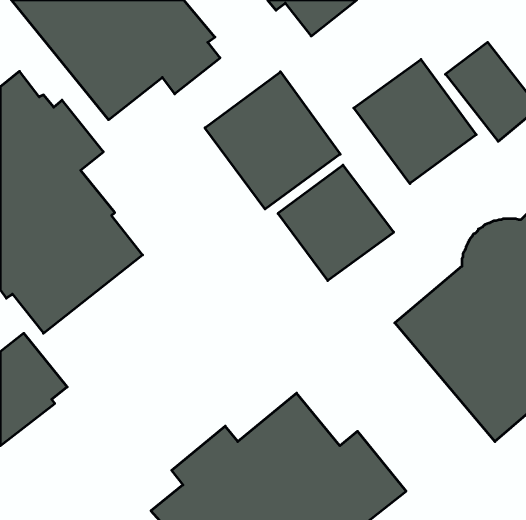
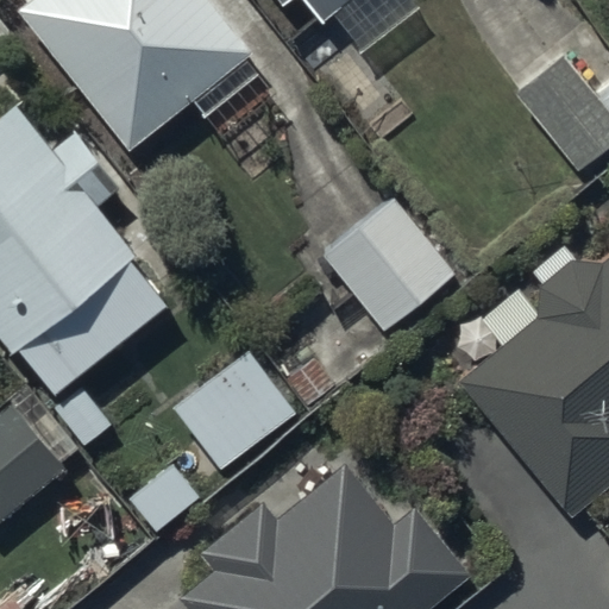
building: [354,59,476,184] -> none
building: [205,72,340,209] -> none
building: none -> [171,349,296,470]

